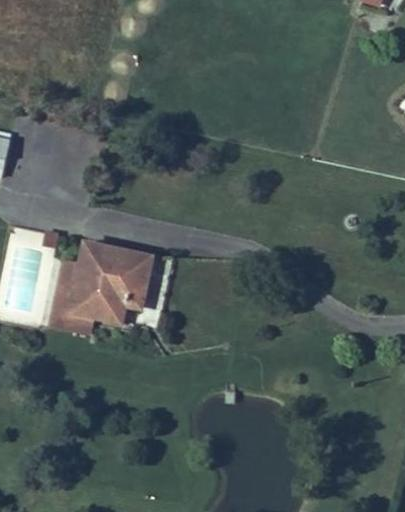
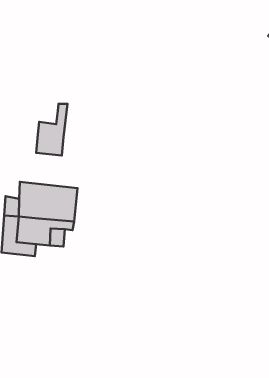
building: none -> [36,104,67,156]

